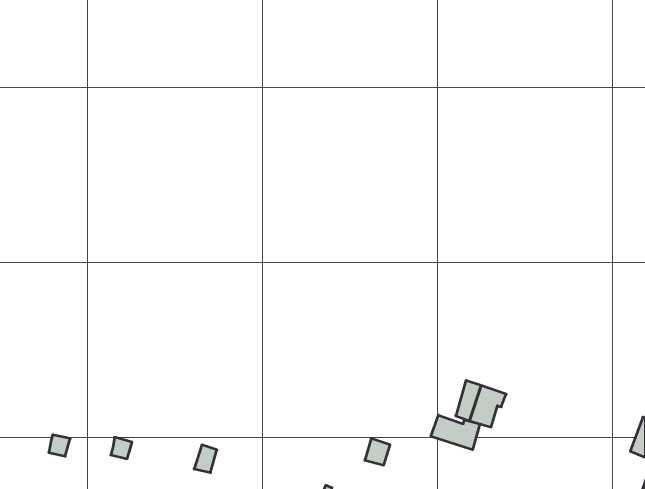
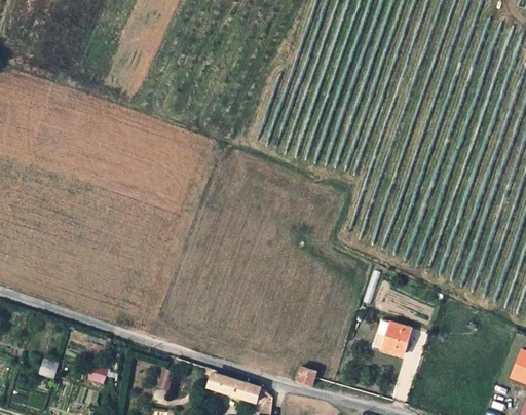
building: [431,415,480,450] -> none
building: none -> [206,370,257,402]

